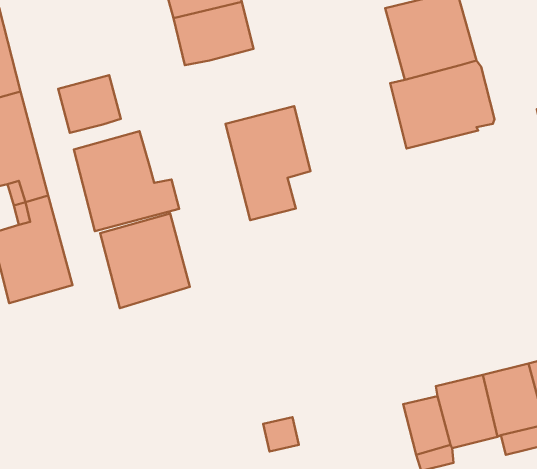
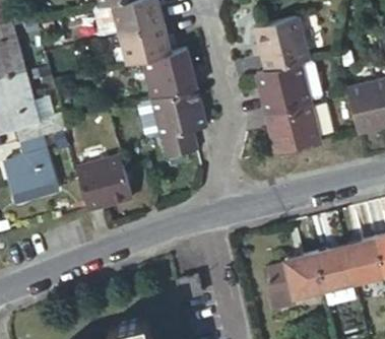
building: none -> [143,47,196,97]
building: [58,75,121,133] -> none
building: none -> [266,101,321,152]
building: [74,131,179,231] -> none

